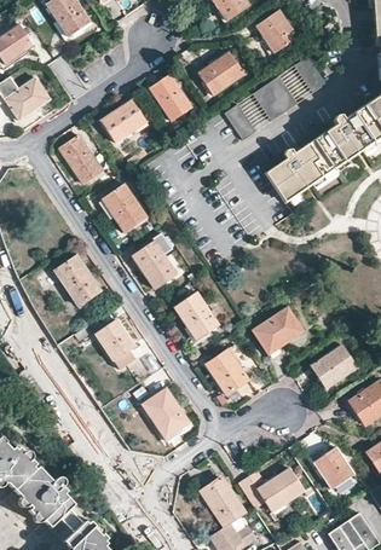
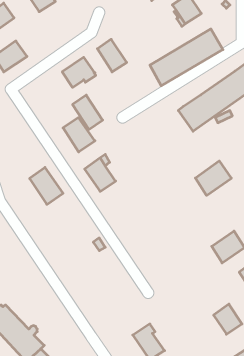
building: [197,51,243,94] -> none
building: [59,134,102,183] -> [73,95,103,129]
building: [173,291,218,338] -> none
building: [253,306,304,354] -> [195,161,231,195]
building: [96,319,140,374] -> none
building: [204,347,249,394] -> none
building: [140,386,190,438] -> none
building: [255,467,304,511] -> none

